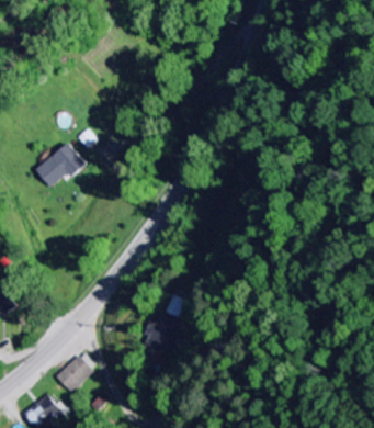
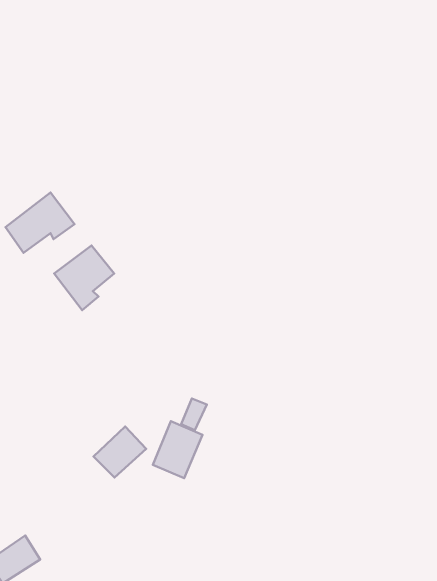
building: none -> [54,245,114,310]
building: [55,354,93,392] -> [94,426,146,477]

